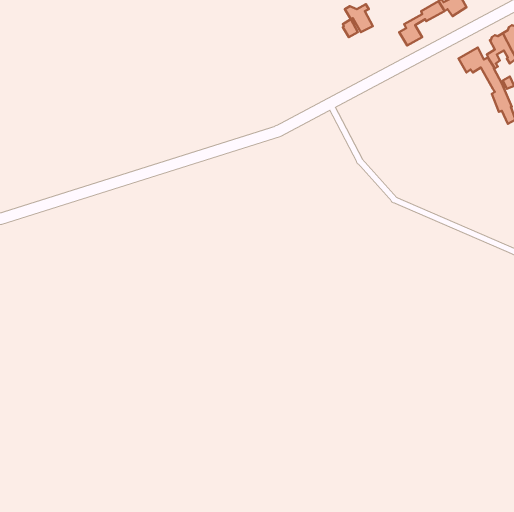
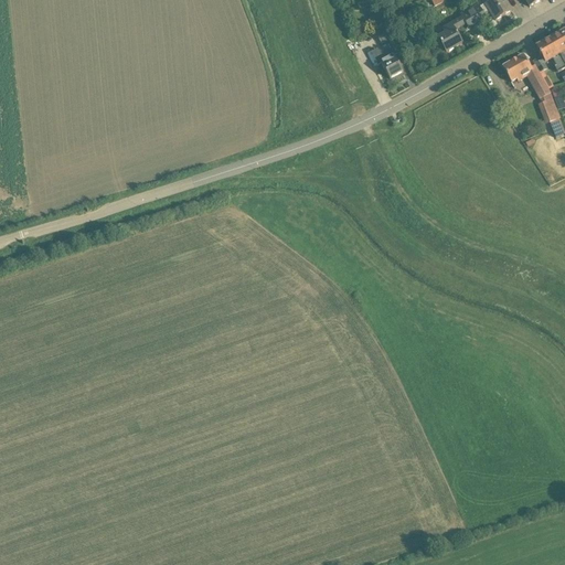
building: [345,4,373,32] -> [373,45,404,76]

